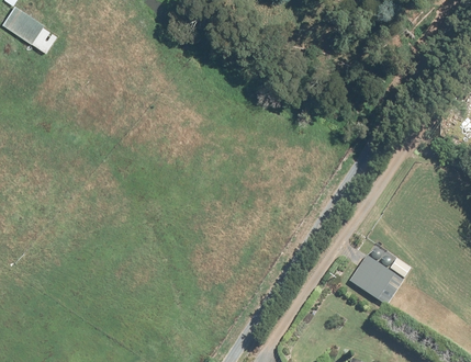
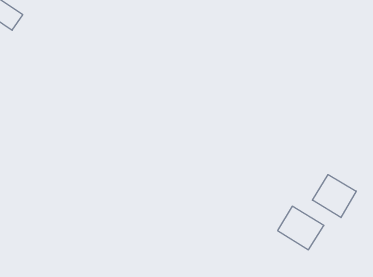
building: none -> [312,175,356,218]

